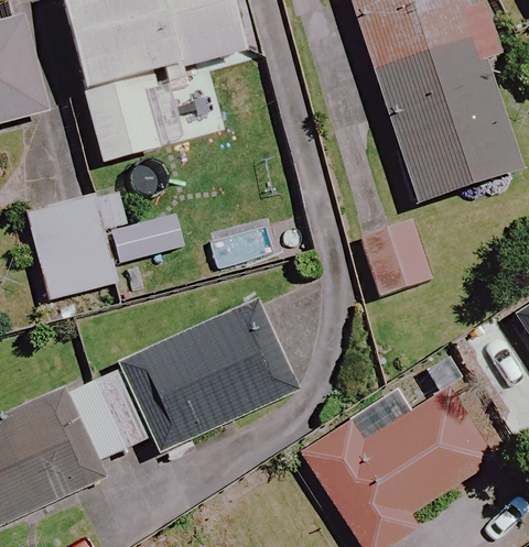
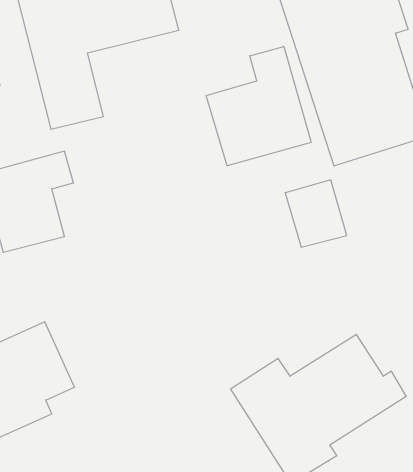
building: none -> [206,46,311,166]
building: [97,302,296,451] -> none

